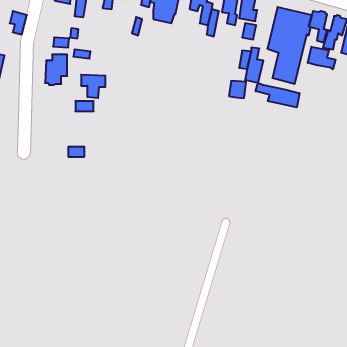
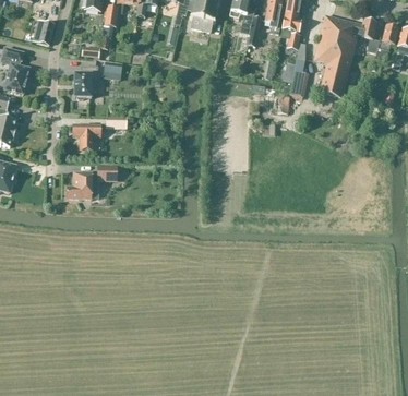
building: [308,47,336,69] -> none
building: [81,75,105,98] -> [73,123,99,148]
building: [256,83,300,107] -> none
building: none -> [67,171,92,199]

